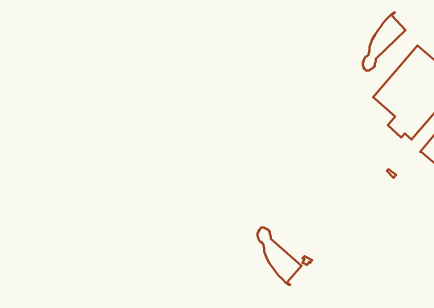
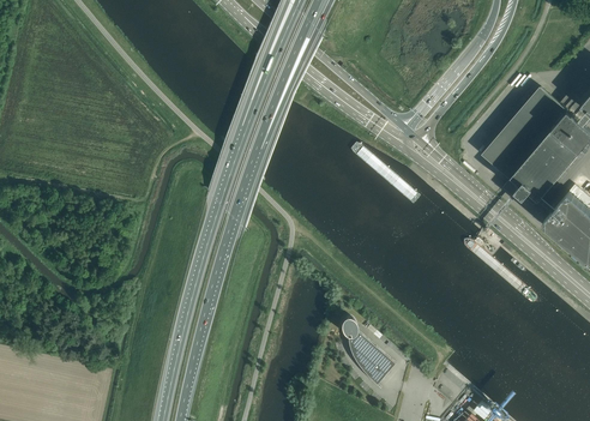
building: [363,12,406,71] -> none

